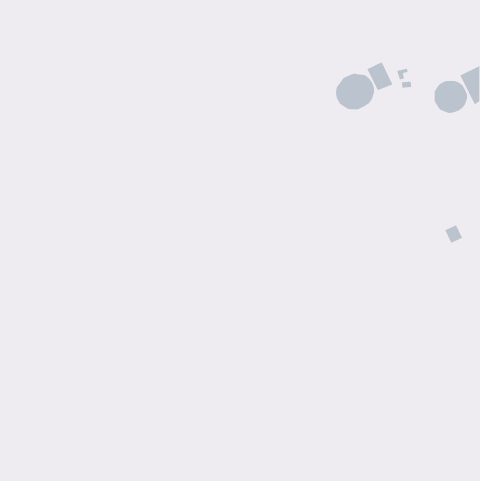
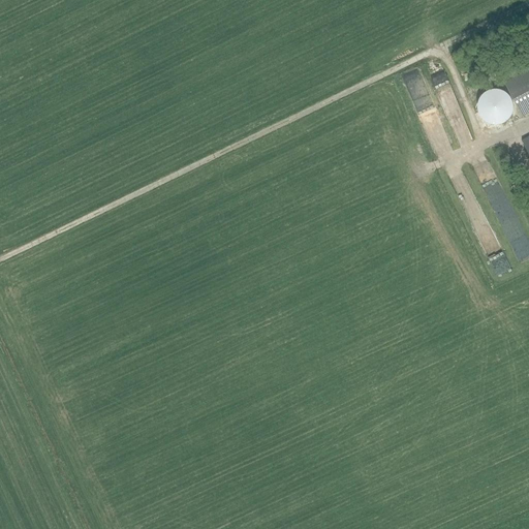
building: [335,73,375,110] -> none

